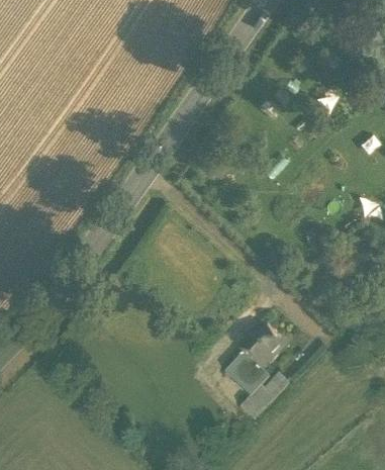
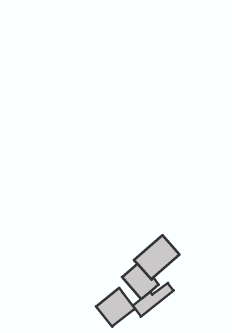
building: none -> [96,288,135,327]

